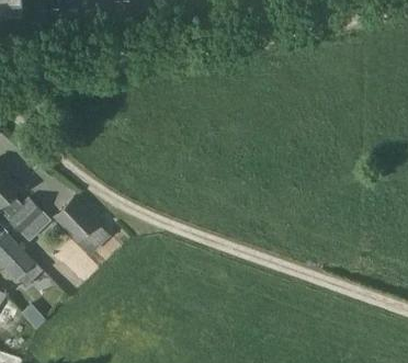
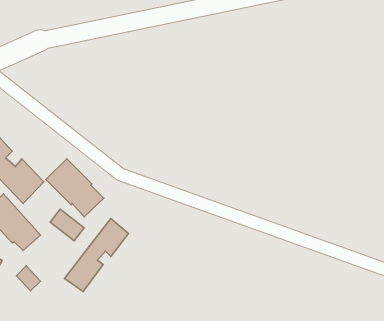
building: none -> [65,219,128,292]

